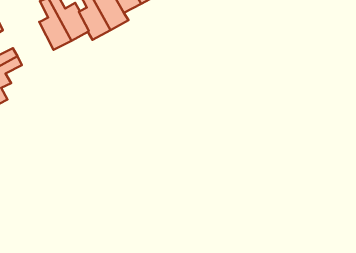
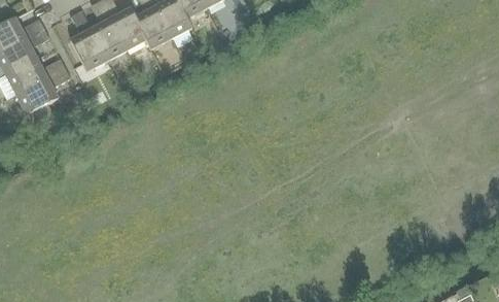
building: none -> [70,9,107,70]

